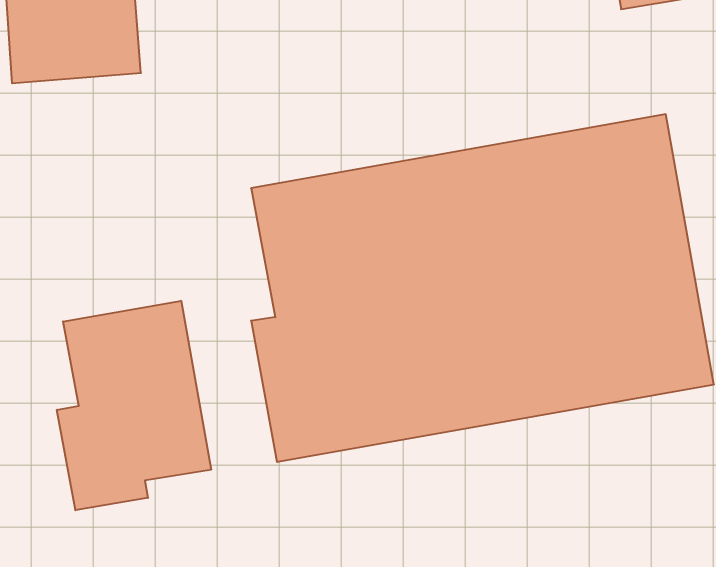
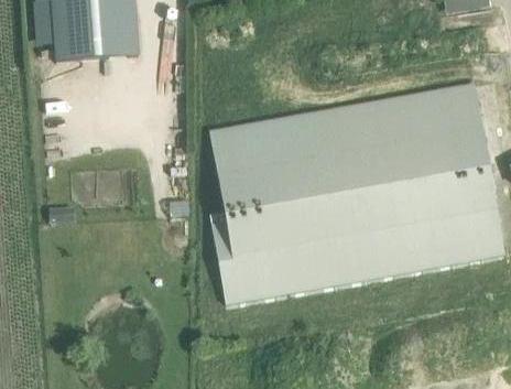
building: [57,301,211,510] -> none

